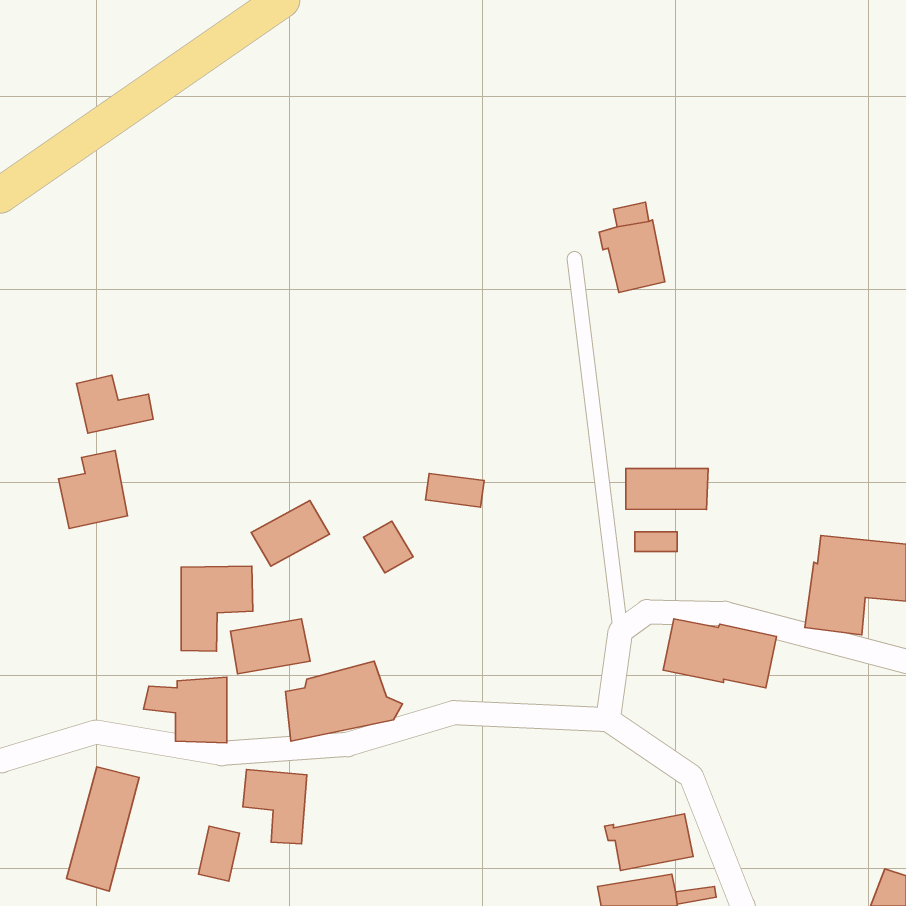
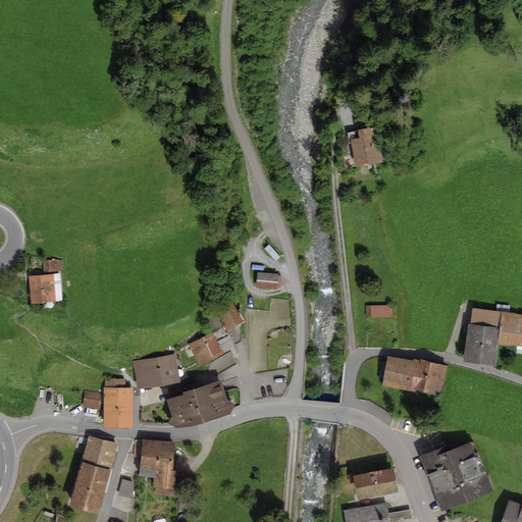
building: [77,375,153,433] -> none
building: [626,469,708,510] -> none
building: [251,501,329,566] -> [184,327,228,365]
building: [181,566,253,651] -> none
building: [67,767,139,891] -> [72,439,114,511]
building: none -> [420,441,493,511]

